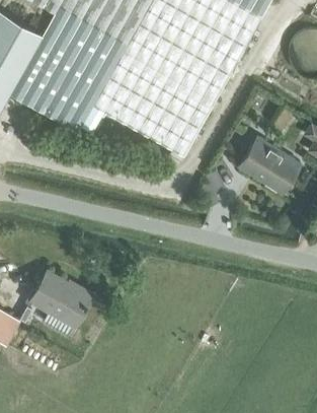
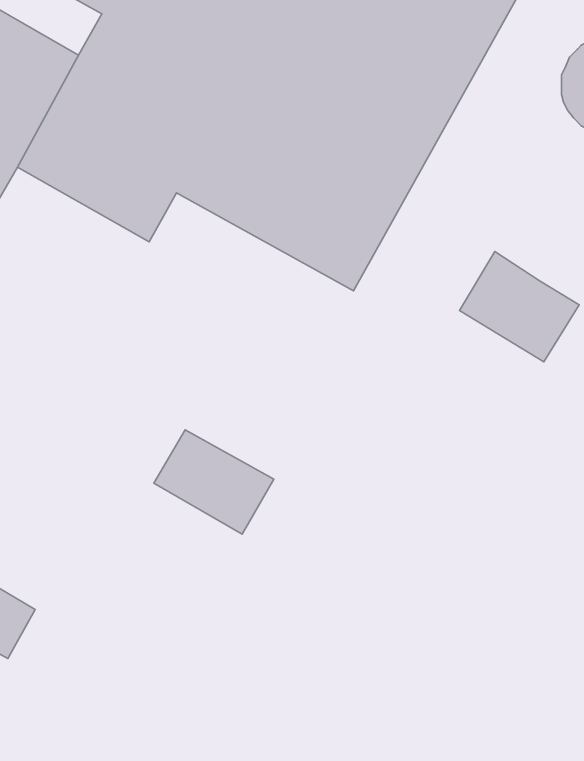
building: [29,273,91,327] -> [154,430,274,534]

